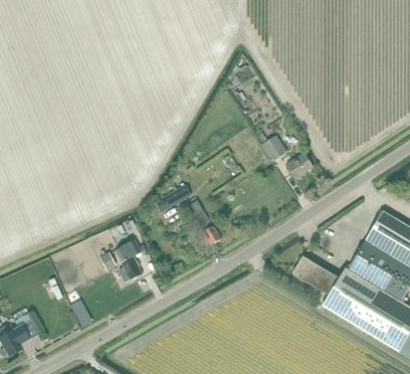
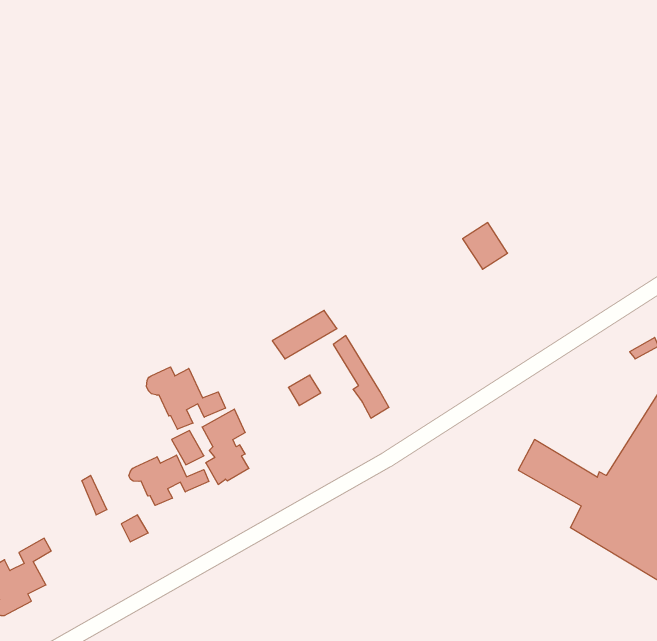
building: [284,152,313,179] -> none
building: none -> [146,367,225,429]
building: none -> [129,455,209,505]

